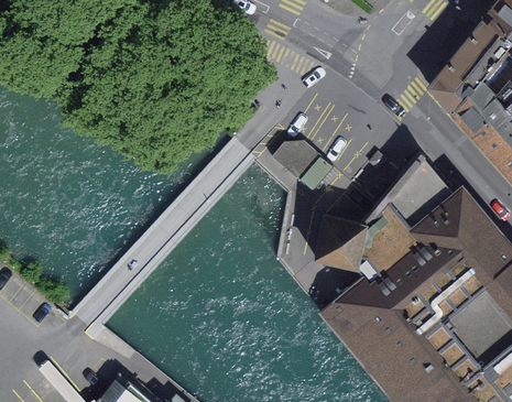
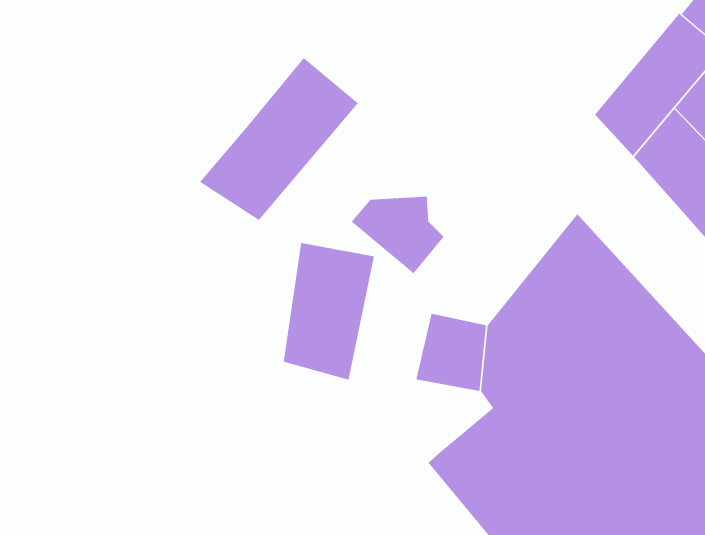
building: none -> [199,57,359,221]
building: none -> [283,242,374,381]

